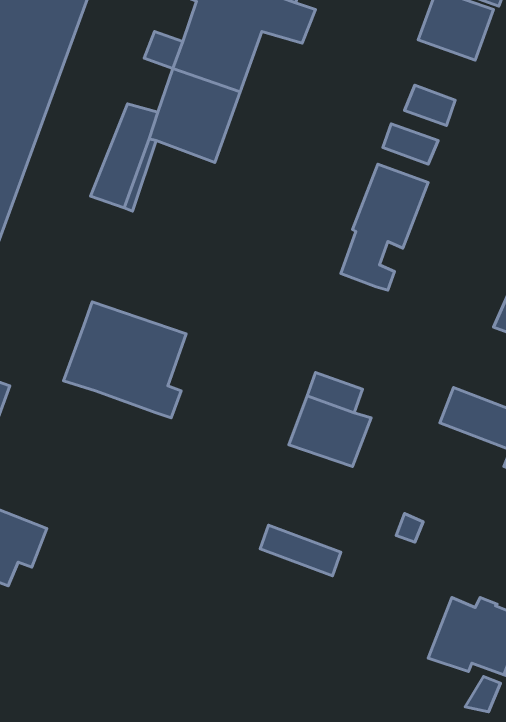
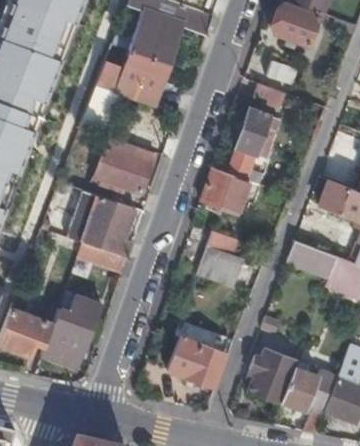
building: none -> [91,137,155,194]
building: none -> [201,167,249,213]
building: none -> [41,296,102,369]
building: none -> [166,336,223,386]
building: none -> [248,350,296,403]

